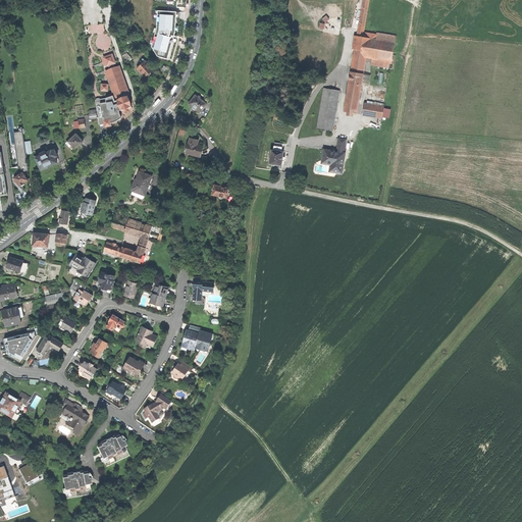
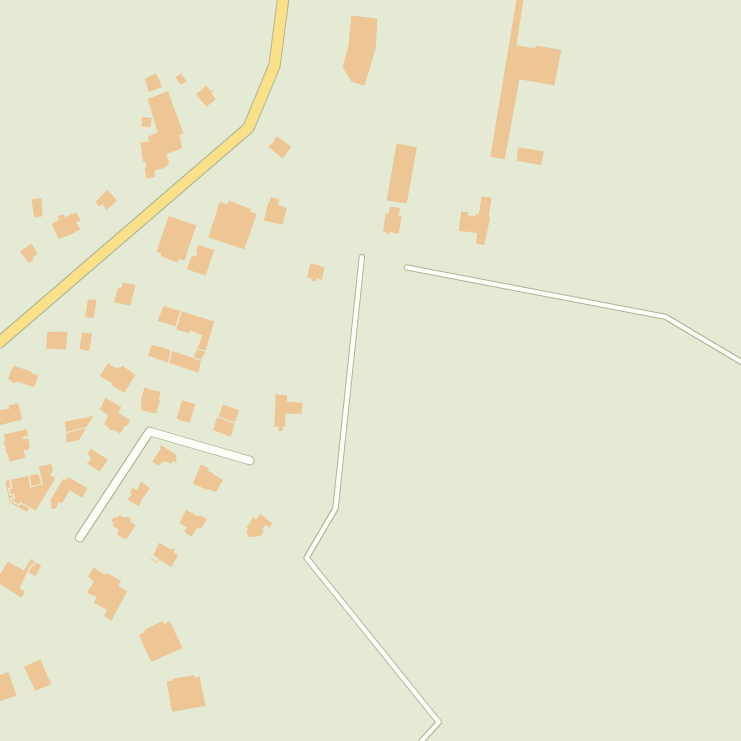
building: [151,8,176,58] -> [342,15,378,86]
building: [316,87,338,129] -> [386,143,418,204]
building: none -> [207,200,257,250]
building: none -> [156,215,197,263]
building: [181,324,211,350] -> none
building: [143,394,170,423] -> none
building: [62,471,91,498] -> [166,674,207,712]

